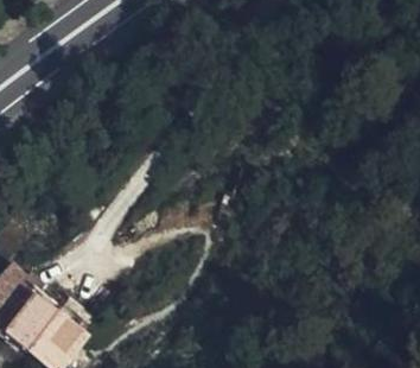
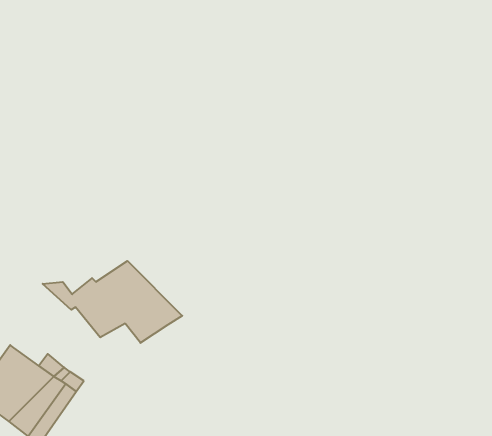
building: none -> [43,261,182,343]

